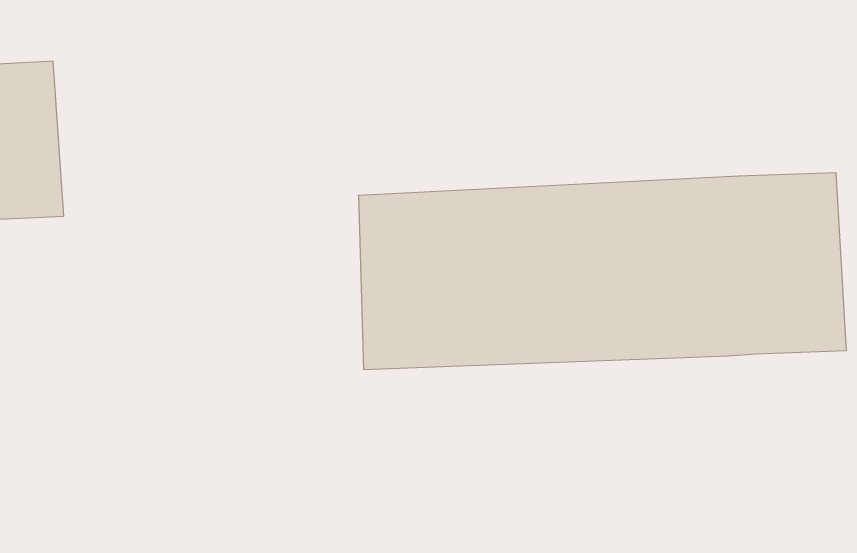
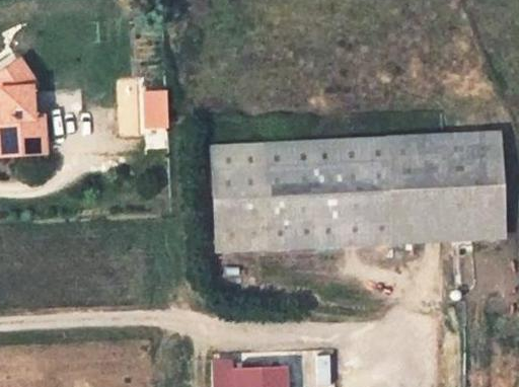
building: none -> [143,91,170,131]

